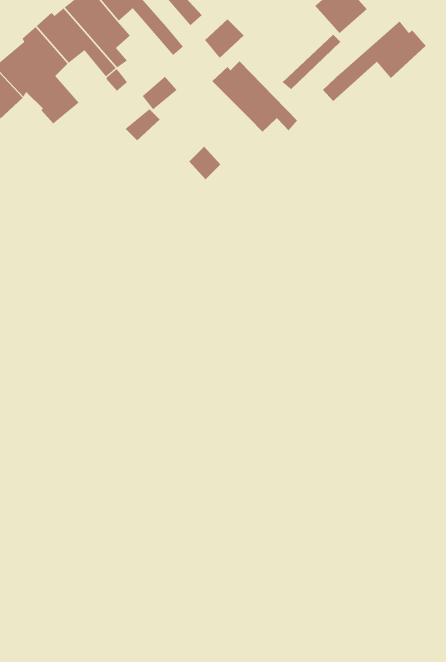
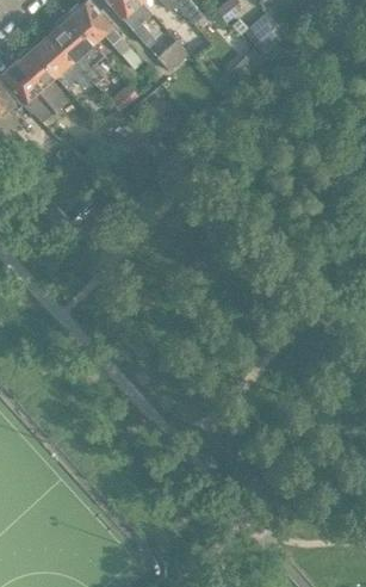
building: [322,20,426,102] -> none
building: [212,60,298,132] -> none

